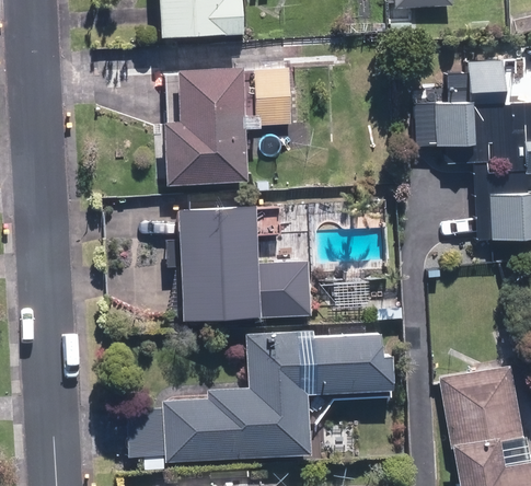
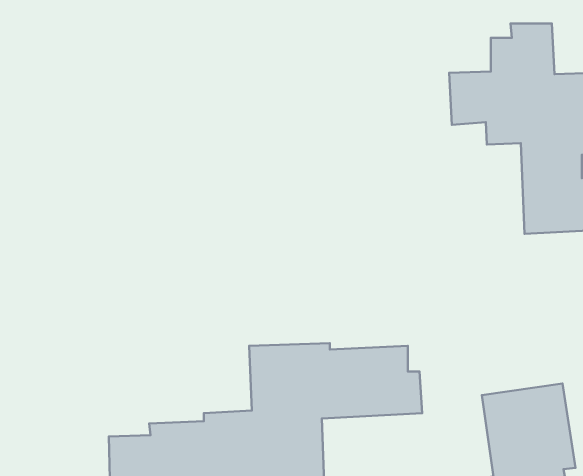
building: [163,66,293,185] -> none
building: [175,204,312,321] -> none

